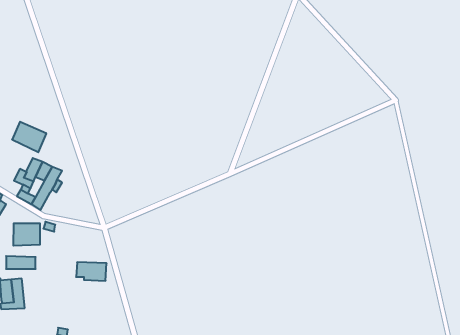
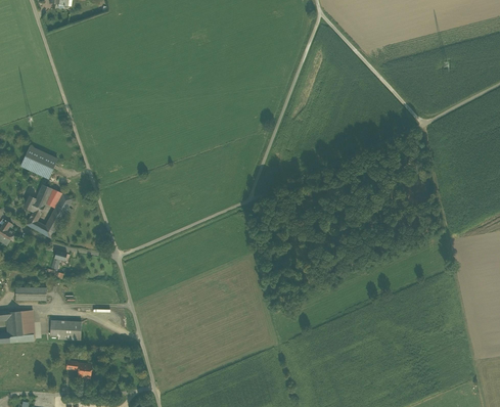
building: [13,223,40,246] -> none
building: [76,262,107,281] -> [49,319,81,338]

